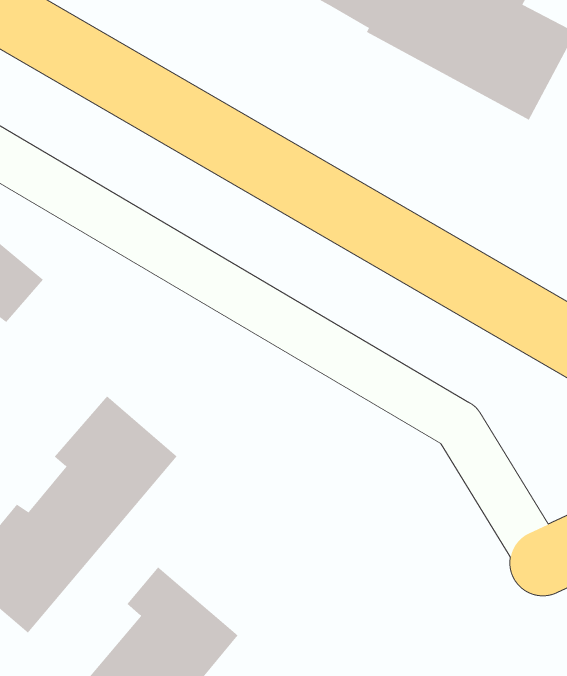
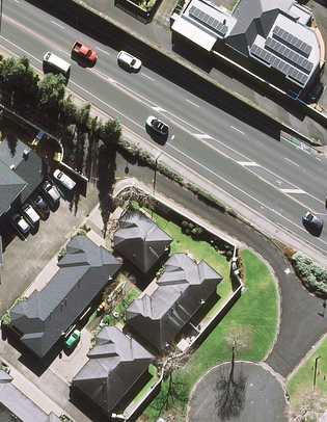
building: none -> [107,210,171,273]
building: none -> [122,248,220,350]

